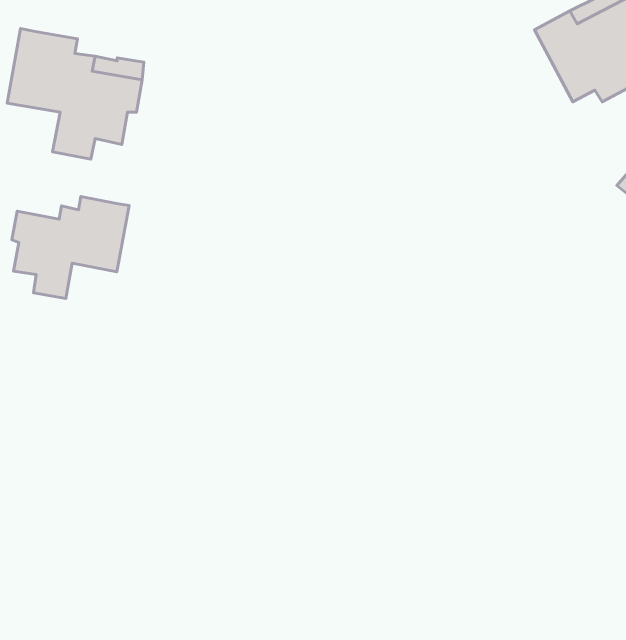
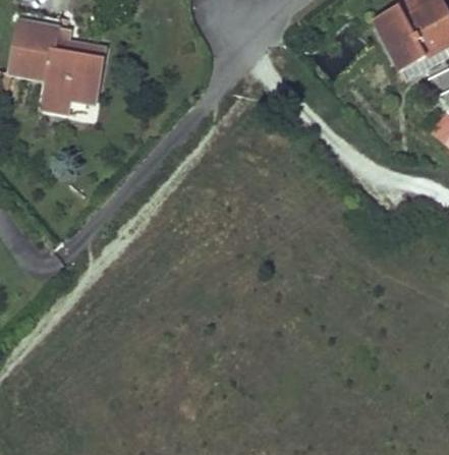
building: [12,197,129,298] -> none

